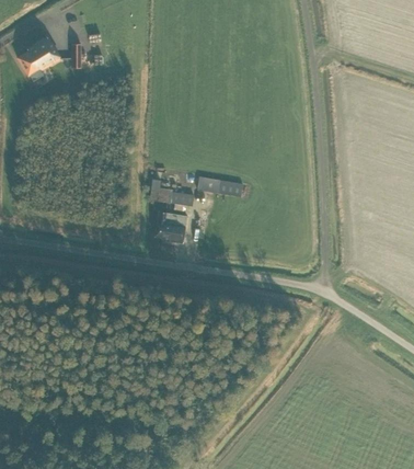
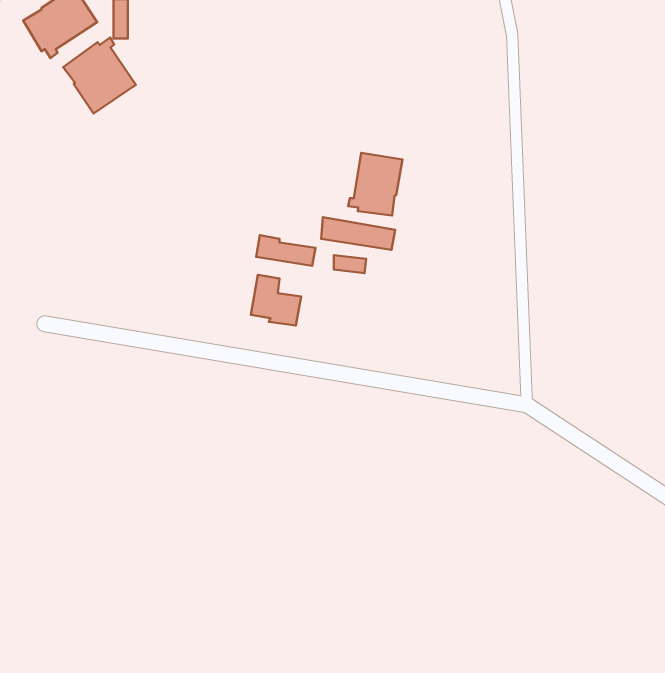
building: none -> [63,37,136,114]
building: none -> [348,153,402,215]

